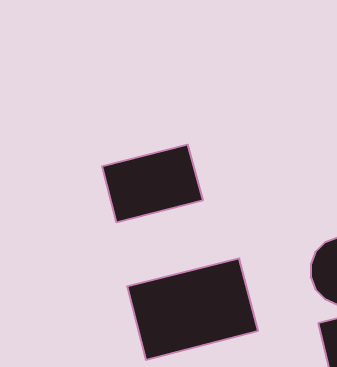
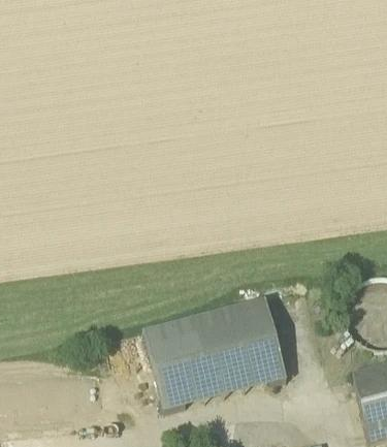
building: [102,145,203,222] -> none

